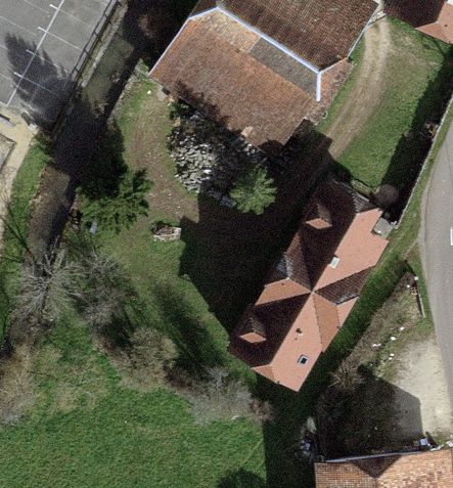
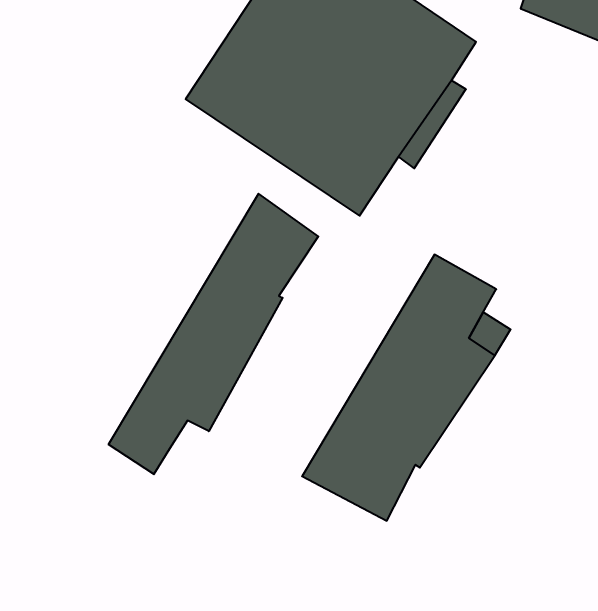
building: none -> [109,194,318,474]

